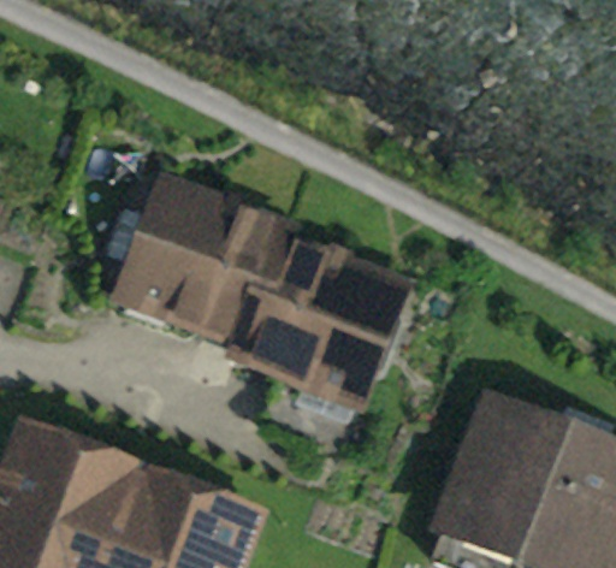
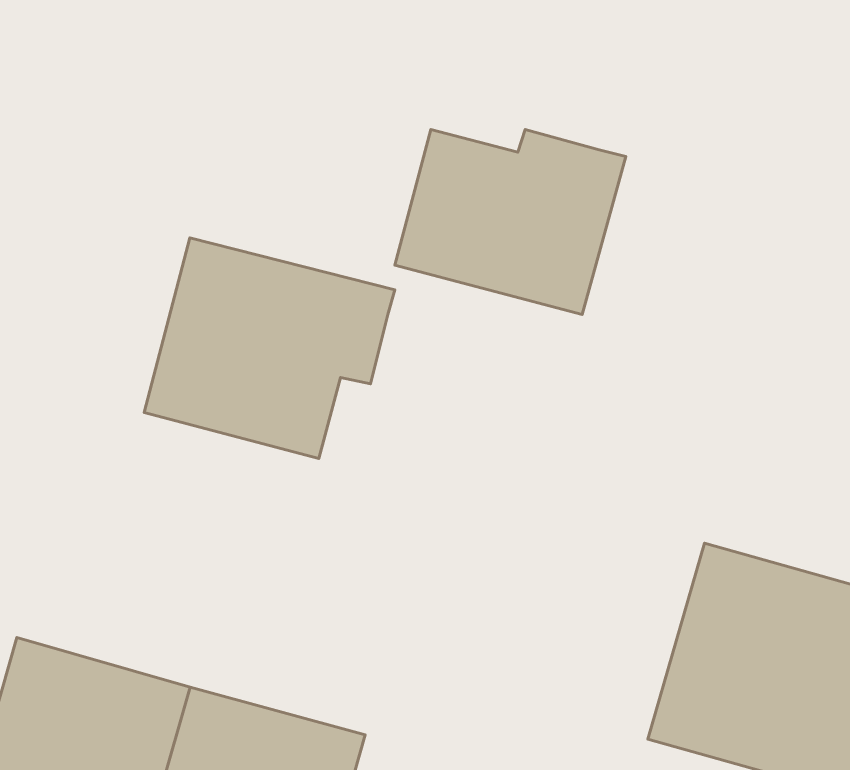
building: none -> [395,130,626,315]
building: [226,239,395,392] -> none

